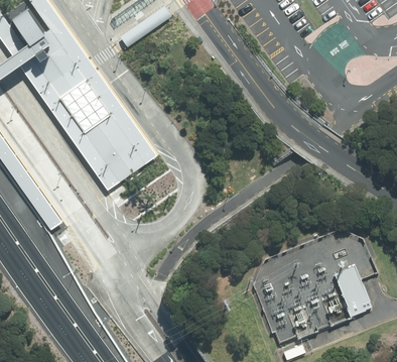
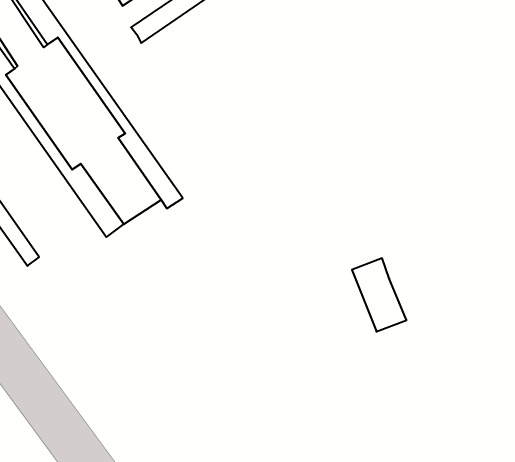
building: [334,265,372,317] -> [352,258,407,332]

